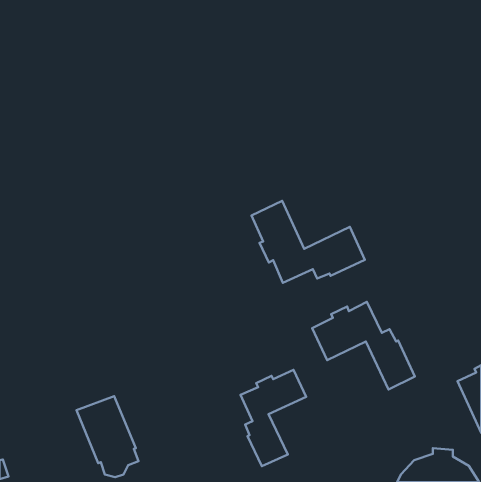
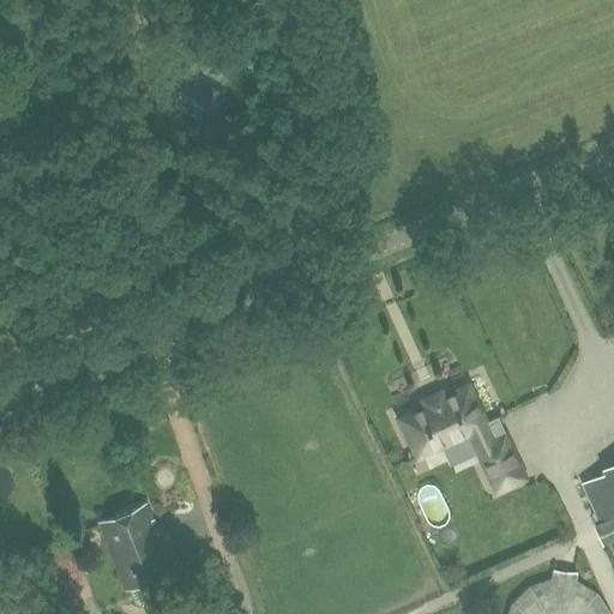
building: [252,201,365,283] -> none
building: [240,370,306,466] -> none

